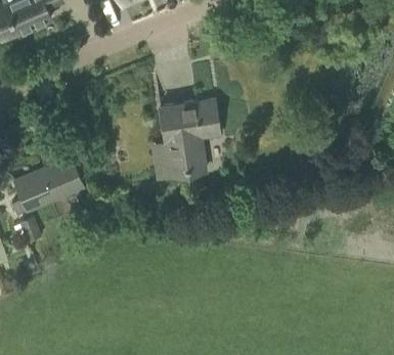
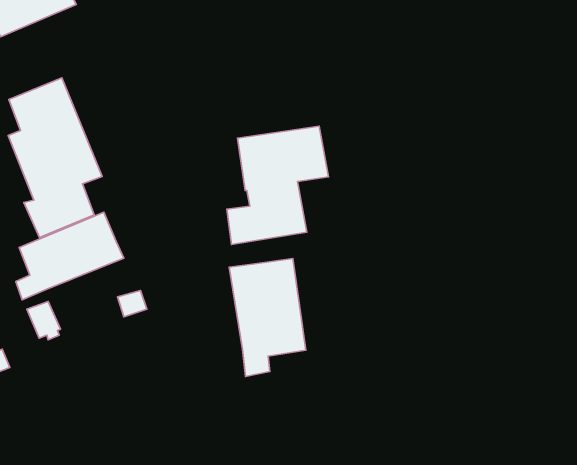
building: none -> [8,78,102,238]
building: none -> [229,258,306,376]

